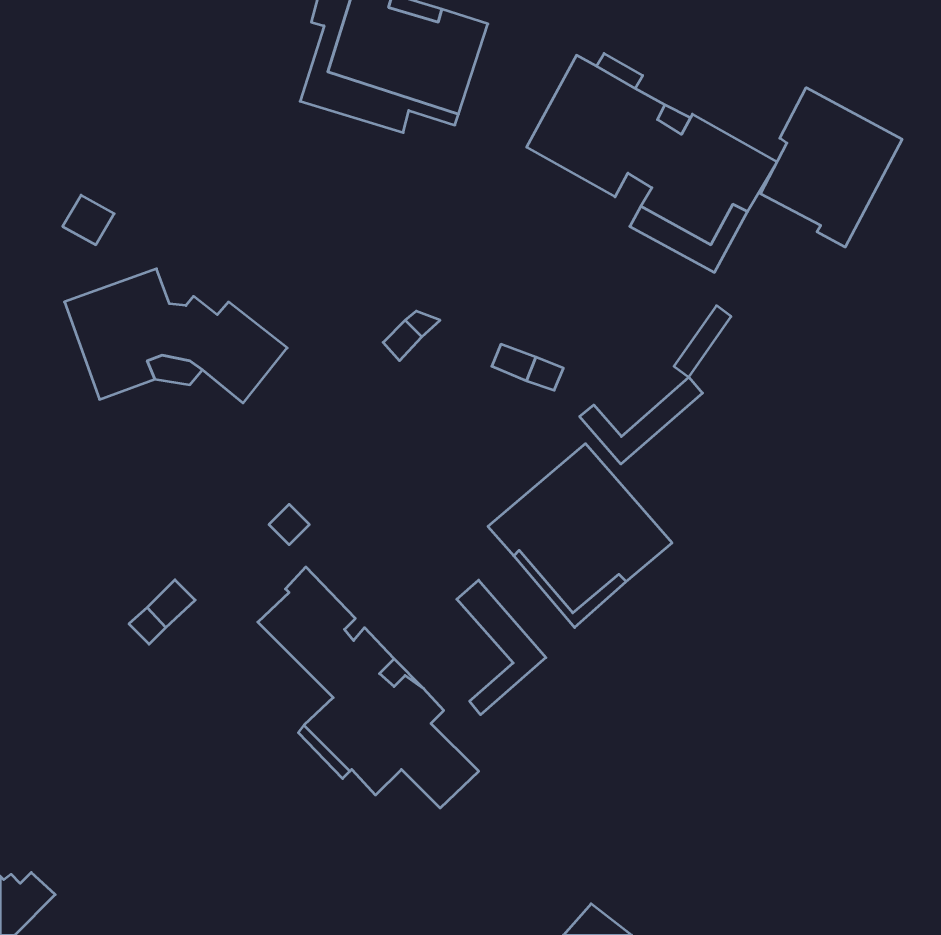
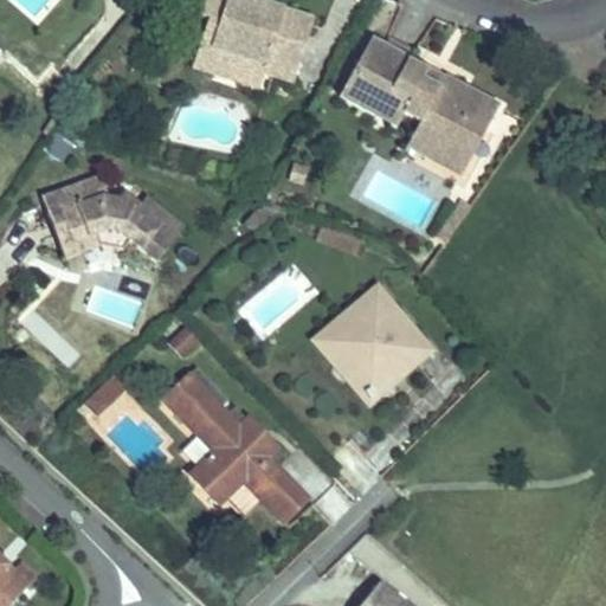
building: [761,88,902,247] -> none
building: [580,377,703,464] -> none
building: [457,580,546,715] -> none

